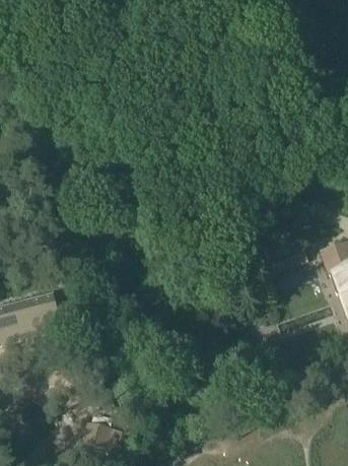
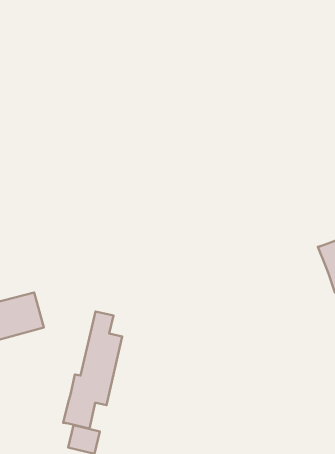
building: none -> [63,311,122,429]

